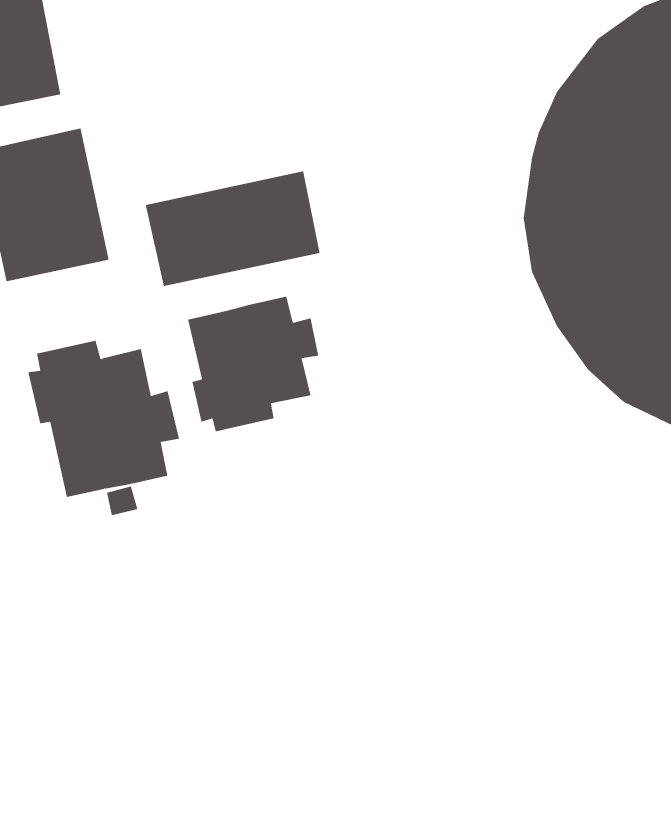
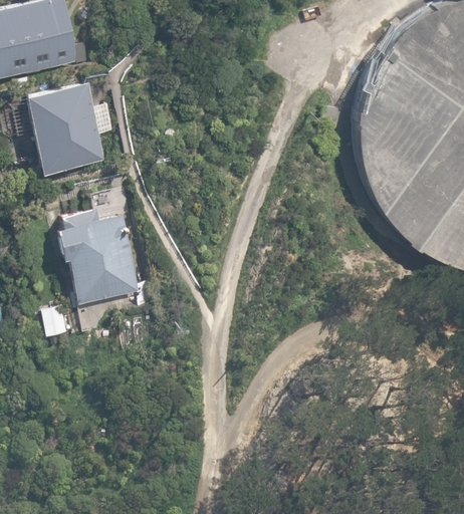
building: [145,170,320,287] -> none
building: [188,296,319,432] -> none

